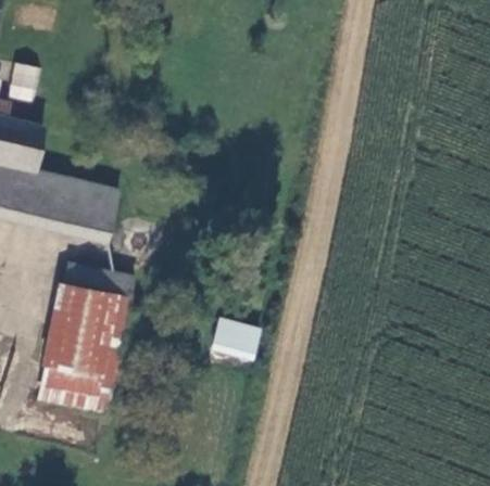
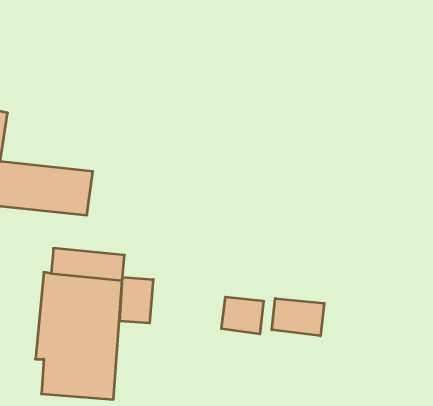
building: none -> [120,277,153,323]
building: none -> [272,298,324,336]

